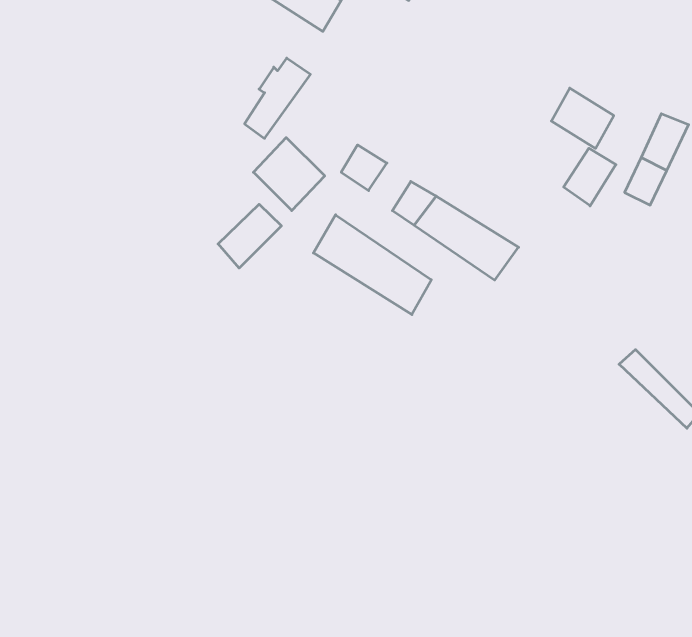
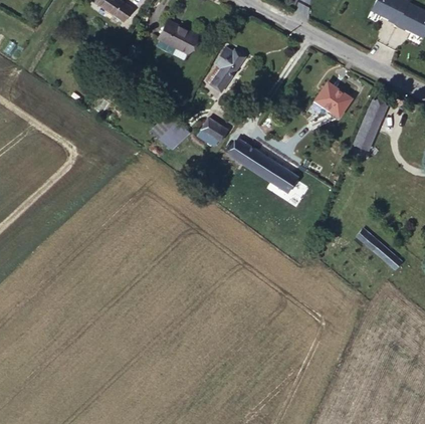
building: [245,58,310,138] -> [205,47,241,91]
building: [564,148,616,206] -> none
building: [218,204,281,268] -> none
building: [313,215,431,315] -> none

